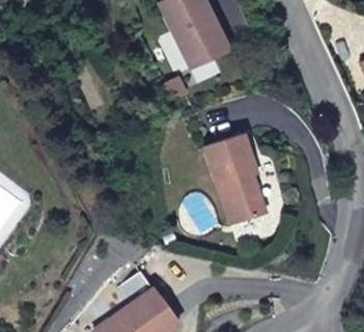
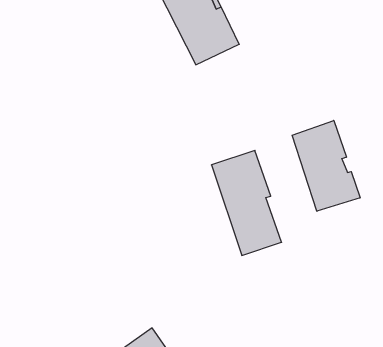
building: none -> [292,120,360,211]

